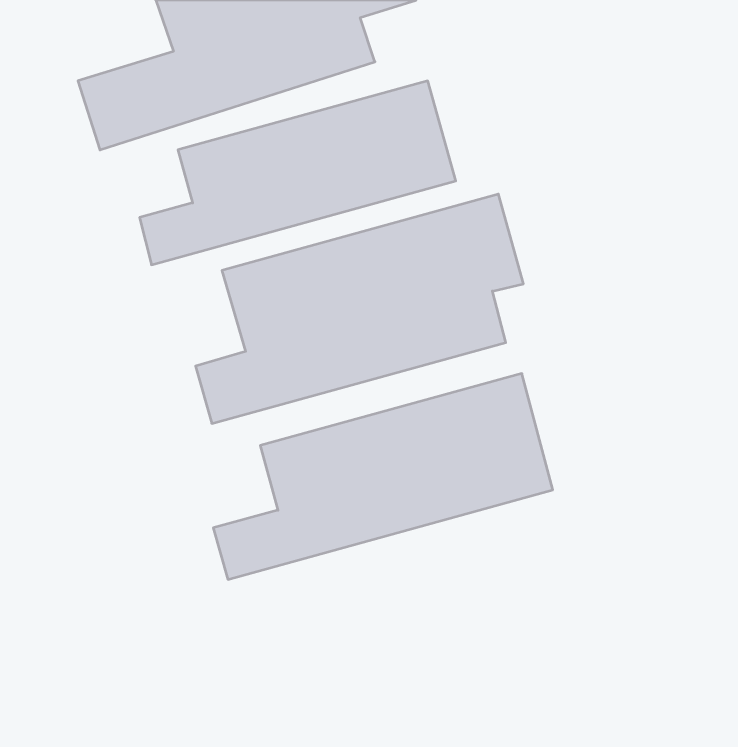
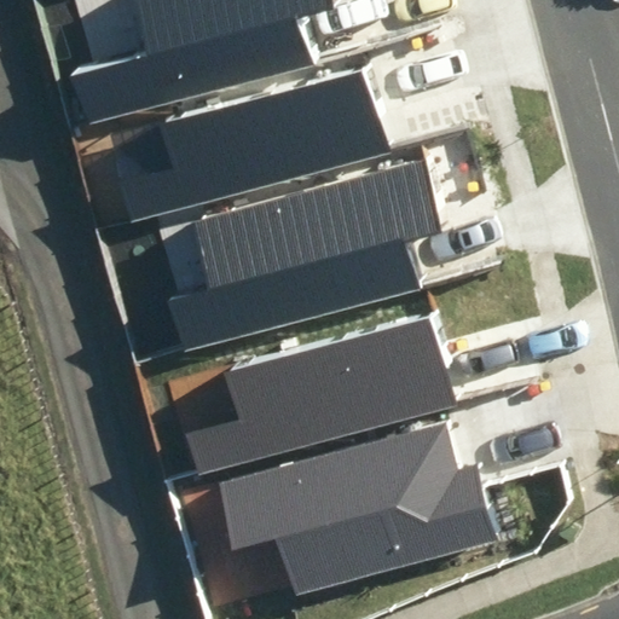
building: none -> [206,424,490,598]

